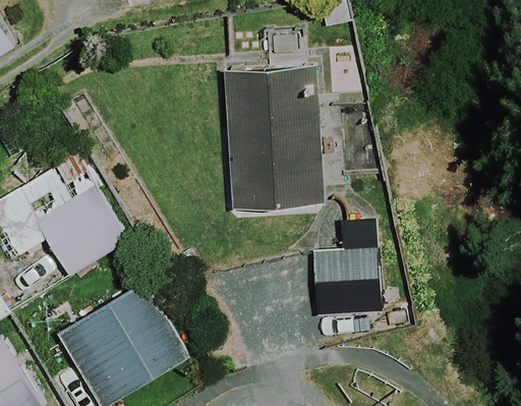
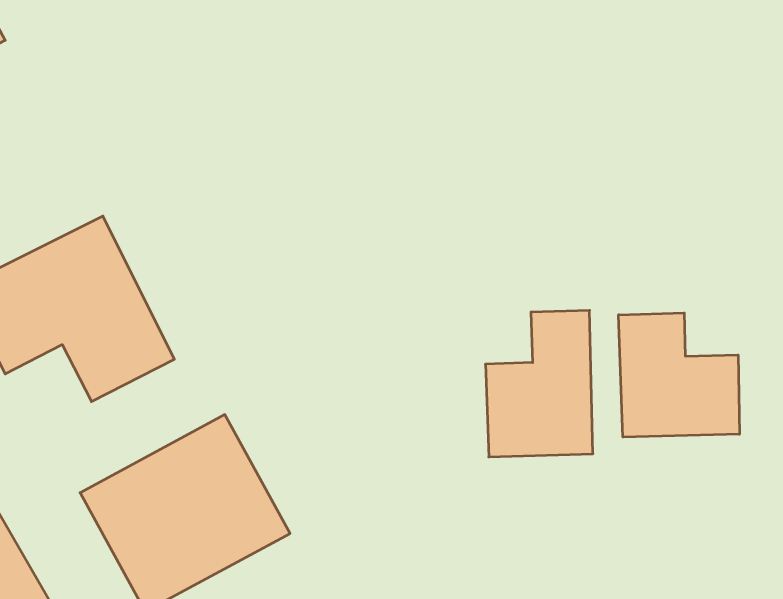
building: [227,69,319,208] -> none
building: none -> [619,313,739,437]

